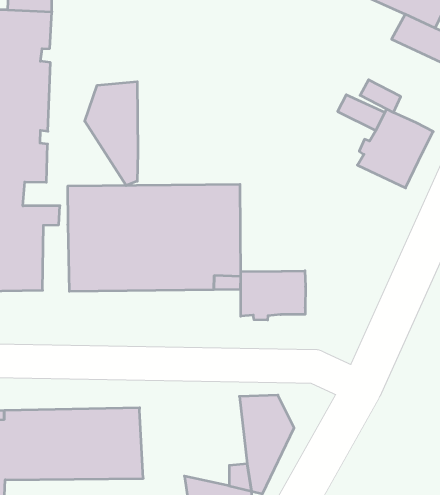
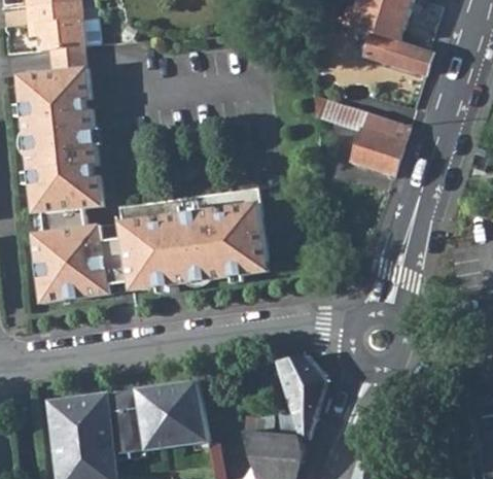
building: [85,82,138,186] -> none
building: none -> [102,239,130,295]
building: [241,271,305,320] -> none

